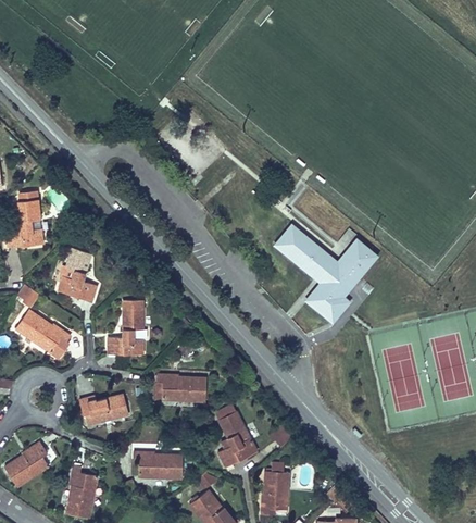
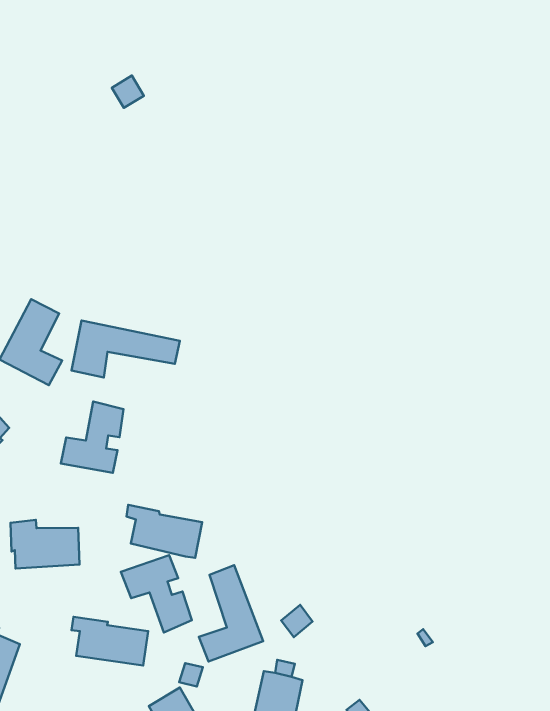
building: [276,223,381,324] -> none
building: none -> [72,320,180,377]
building: none -> [121,555,192,632]

